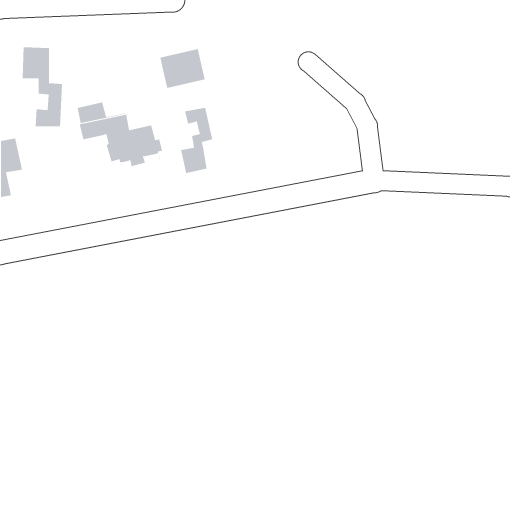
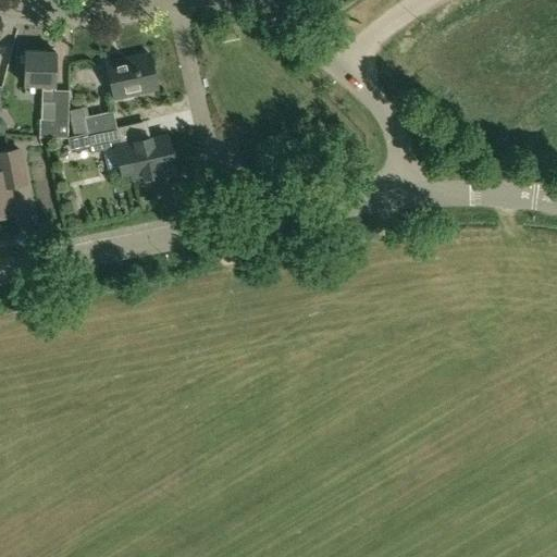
building: [160,49,205,88] -> [106,55,156,99]
building: [181,106,213,174] -> none

